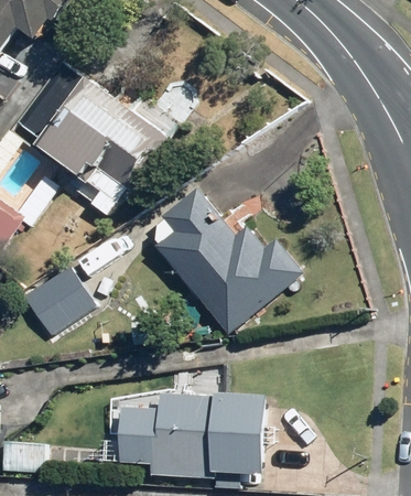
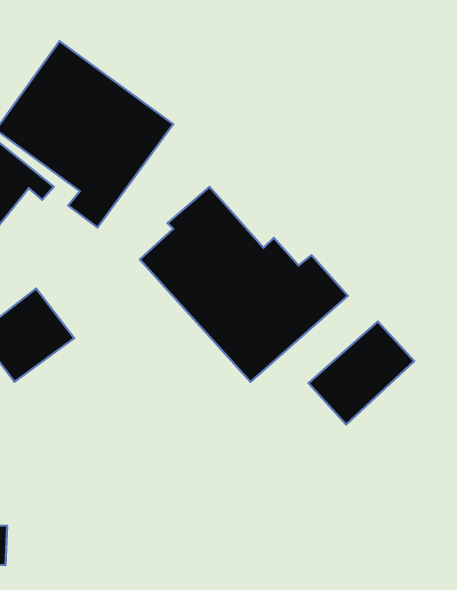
building: none -> [309,321,414,425]
building: [118,392,267,479] -> none

